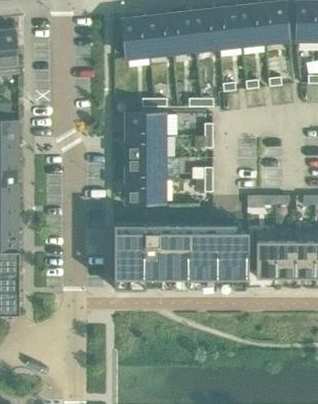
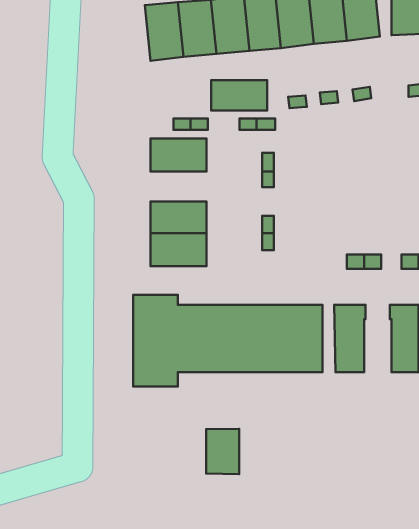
building: [126,137,165,158] -> [211,80,267,110]
building: [276,241,296,278] -> none
building: none -> [206,429,239,474]

